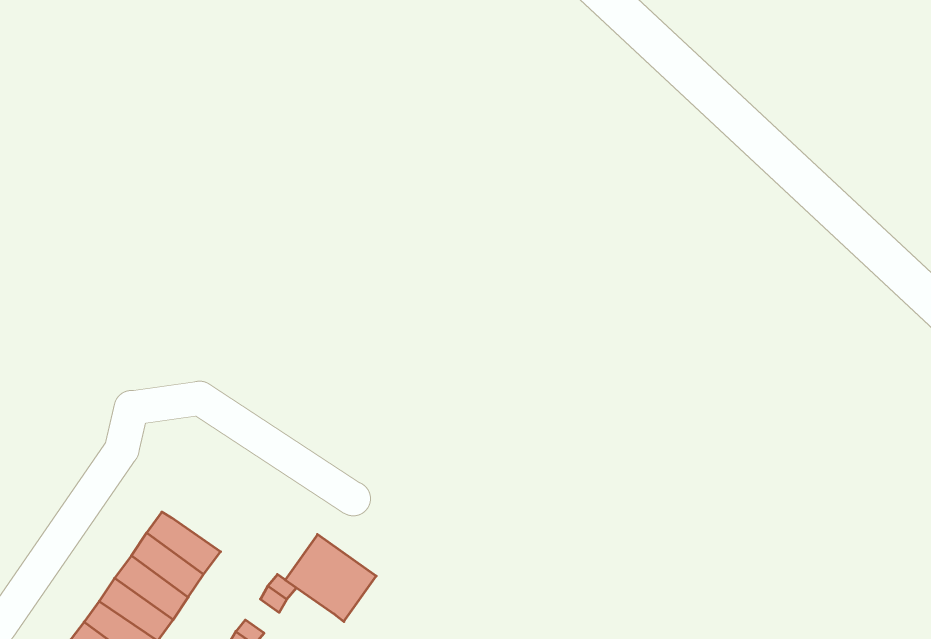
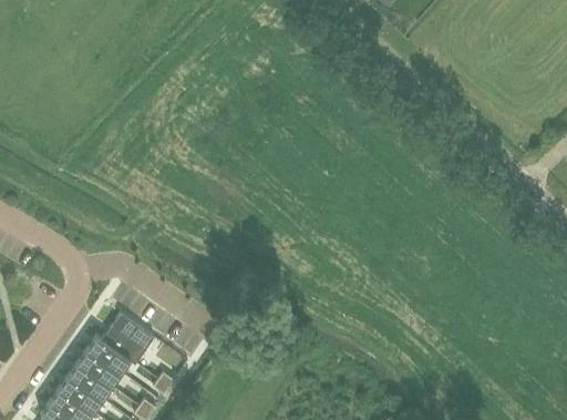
building: [285,534,376,622] -> [102,314,155,365]

